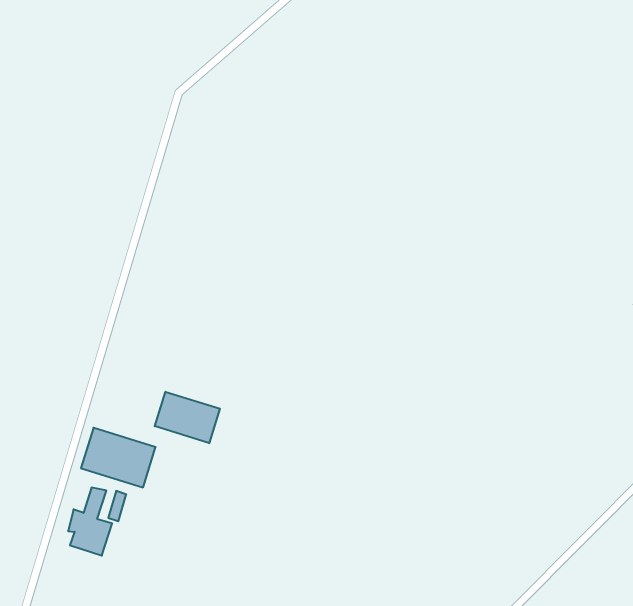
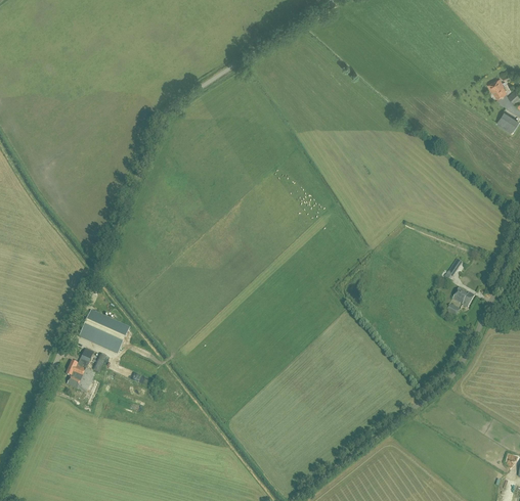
building: [155,392,220,443] -> none

